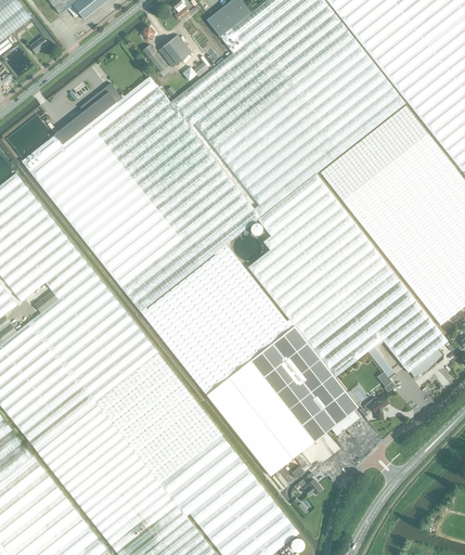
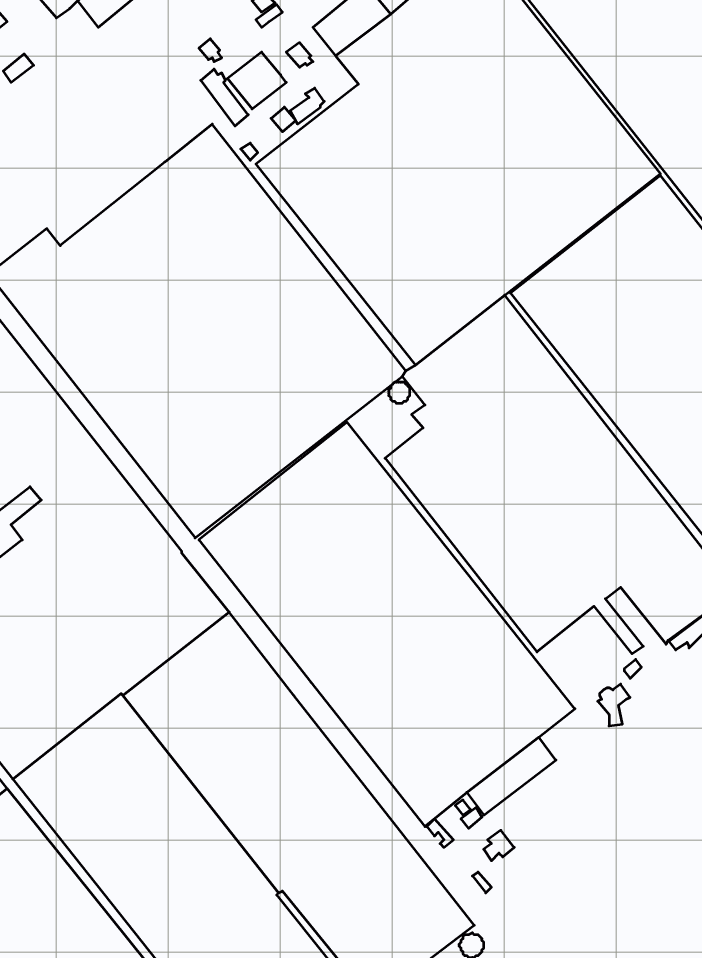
building: [54,83,122,145] -> none
building: [238,237,261,261] -> none

